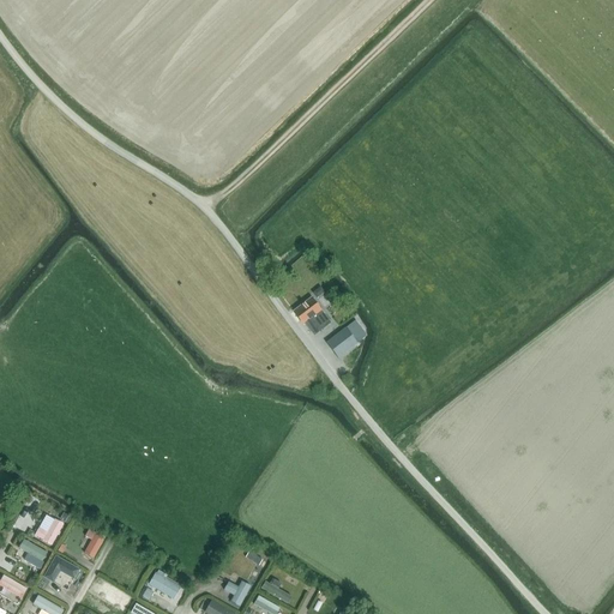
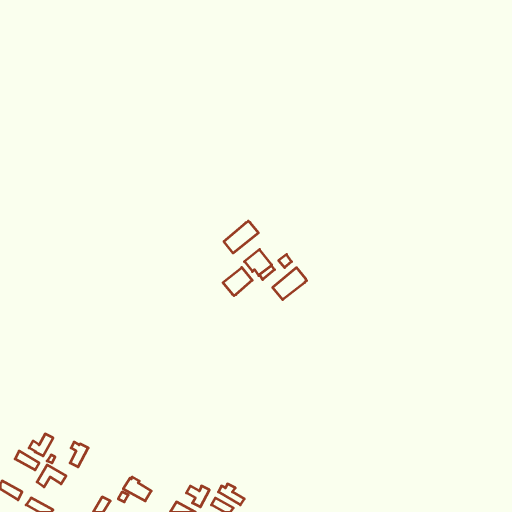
building: none -> [224,221,258,253]
building: none -> [223,267,252,296]

